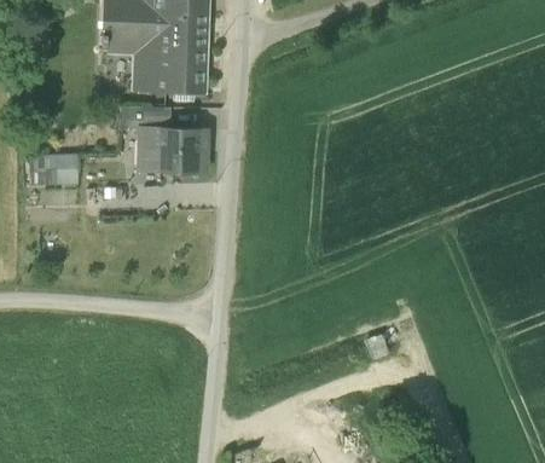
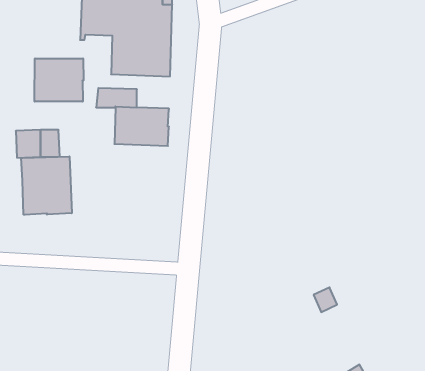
building: none -> [35,58,83,102]
building: none -> [21,156,72,215]

